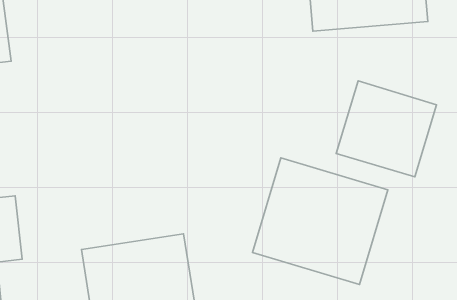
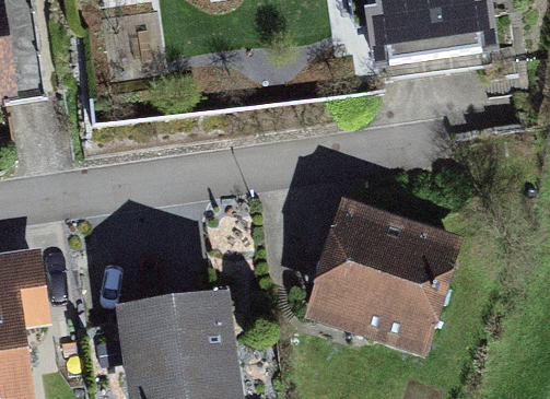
building: [336,81,437,177] -> none

